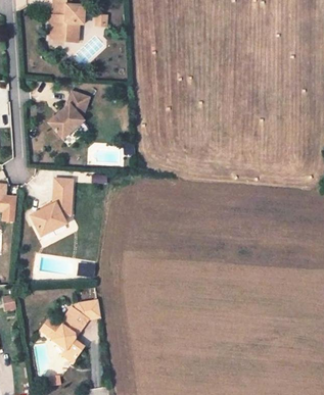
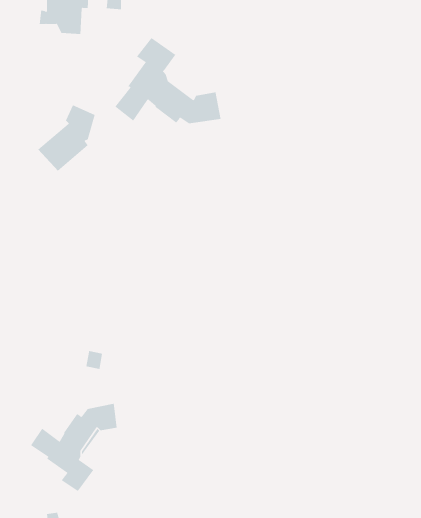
building: none -> [115,37,221,124]
building: [31,179,74,236] -> none

